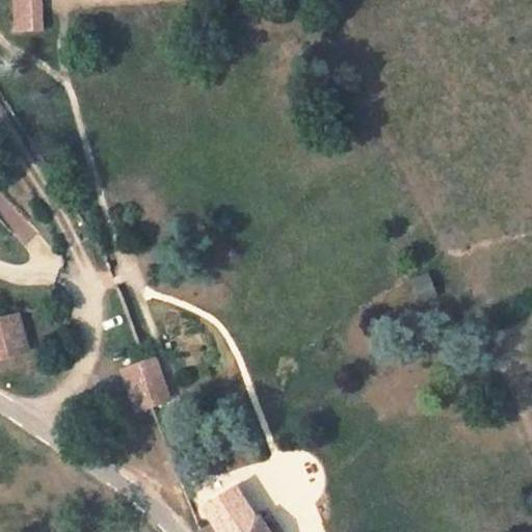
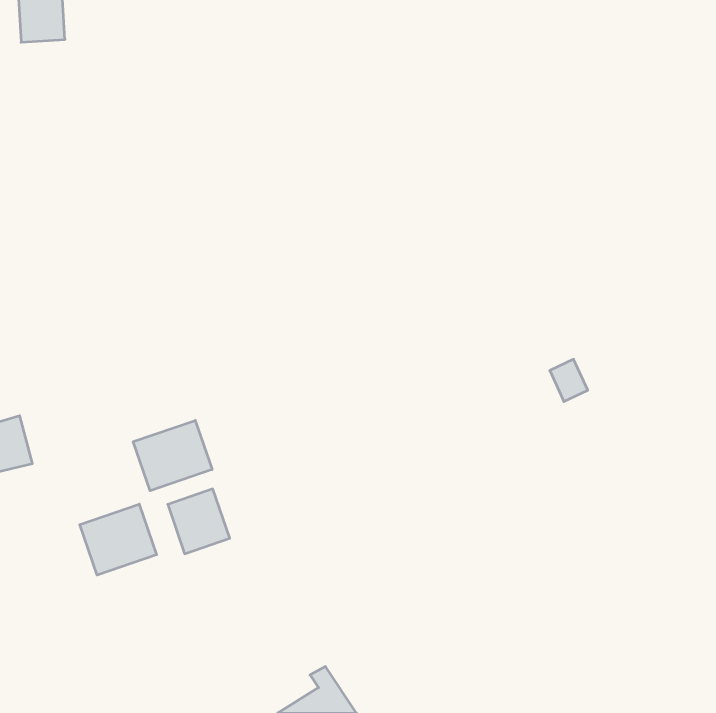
building: none -> [133,420,212,491]
building: none -> [80,504,157,575]

